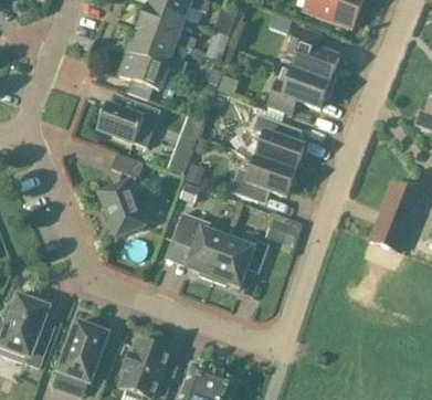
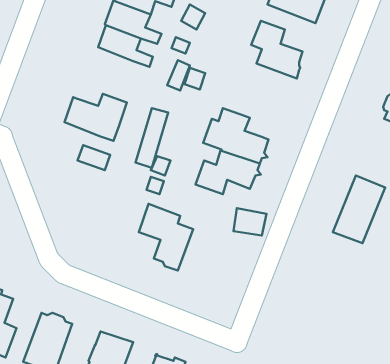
building: [117,50,167,99] -> none
building: [266,69,333,113] -> none
building: [99,181,146,238] -> none
building: [212,236,270,286] -> none

